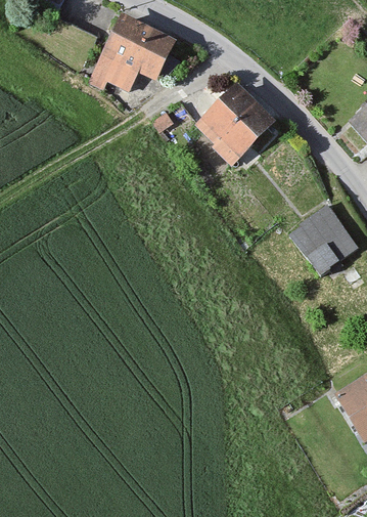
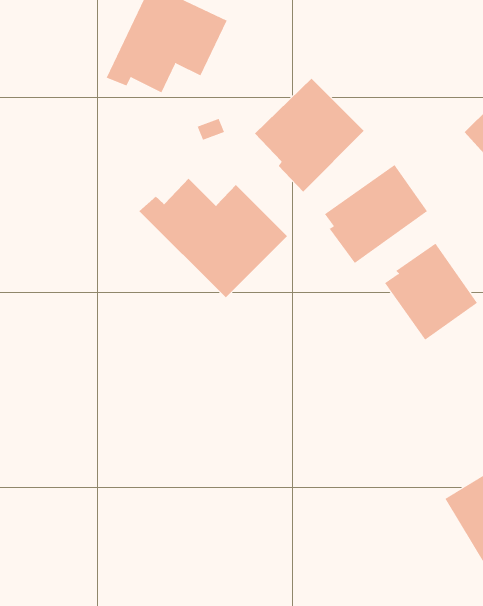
building: none -> [324,164,428,264]
building: none -> [138,178,288,298]

